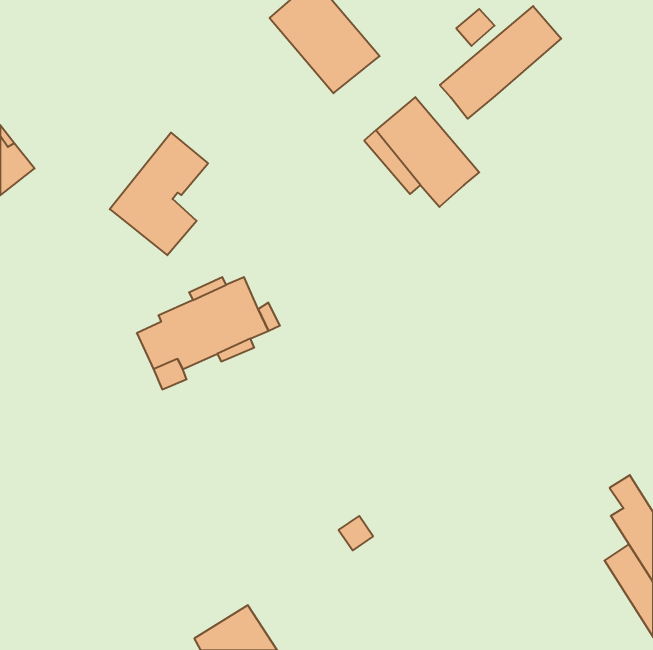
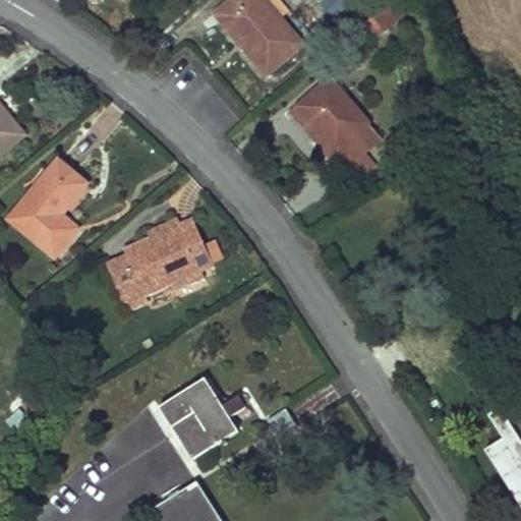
building: [440,6,561,119] -> none
building: [110,133,208,255] -> [10,160,89,257]
building: none -> [155,381,237,460]

